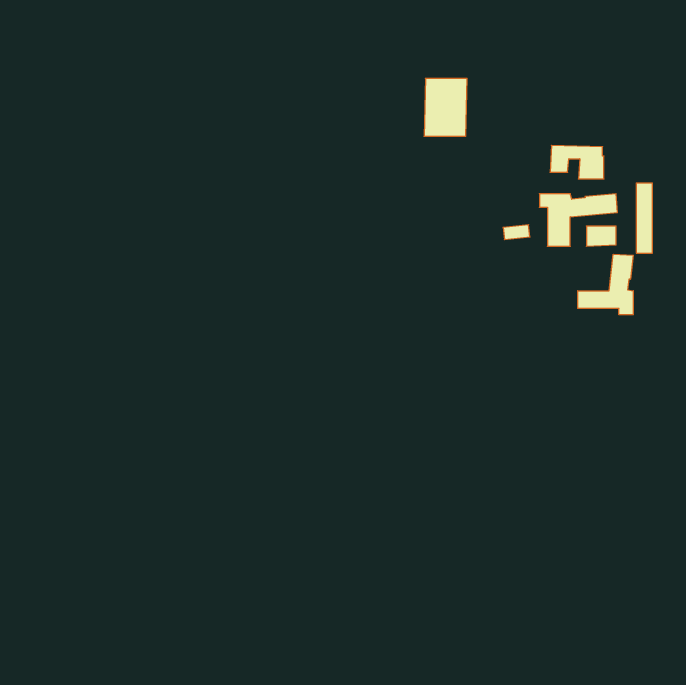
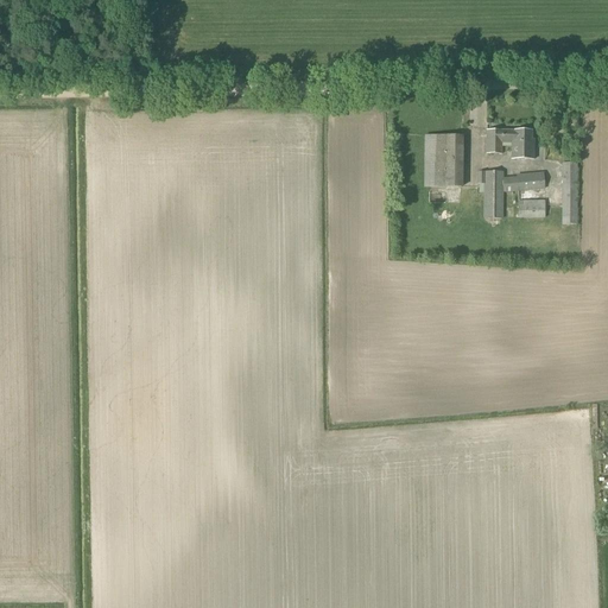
building: [424,78,467,136] -> [425,134,463,185]
building: [578,254,633,315] -> none

